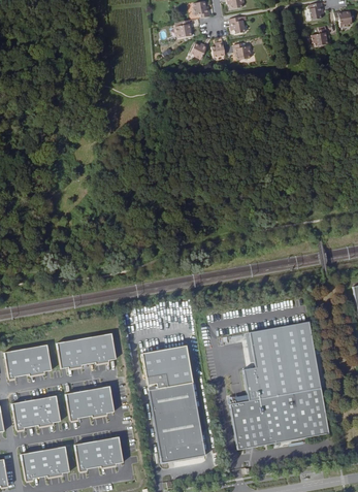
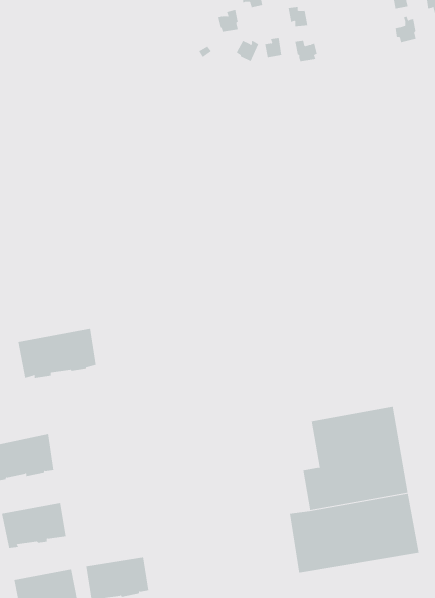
building: [57,331,117,369] -> [18,328,96,378]
building: [141,345,205,463] -> none
building: [66,386,115,421] -> none

